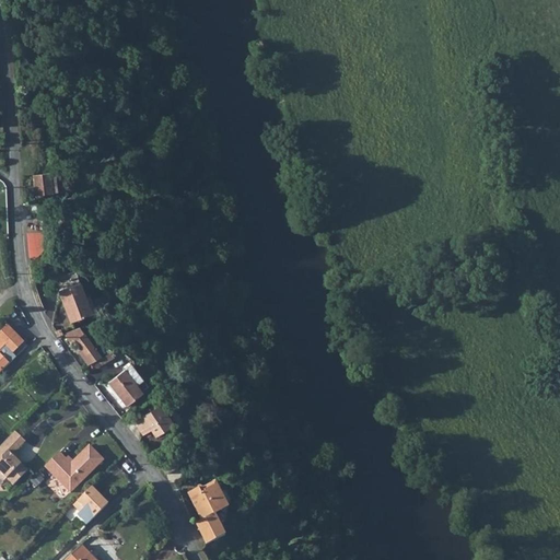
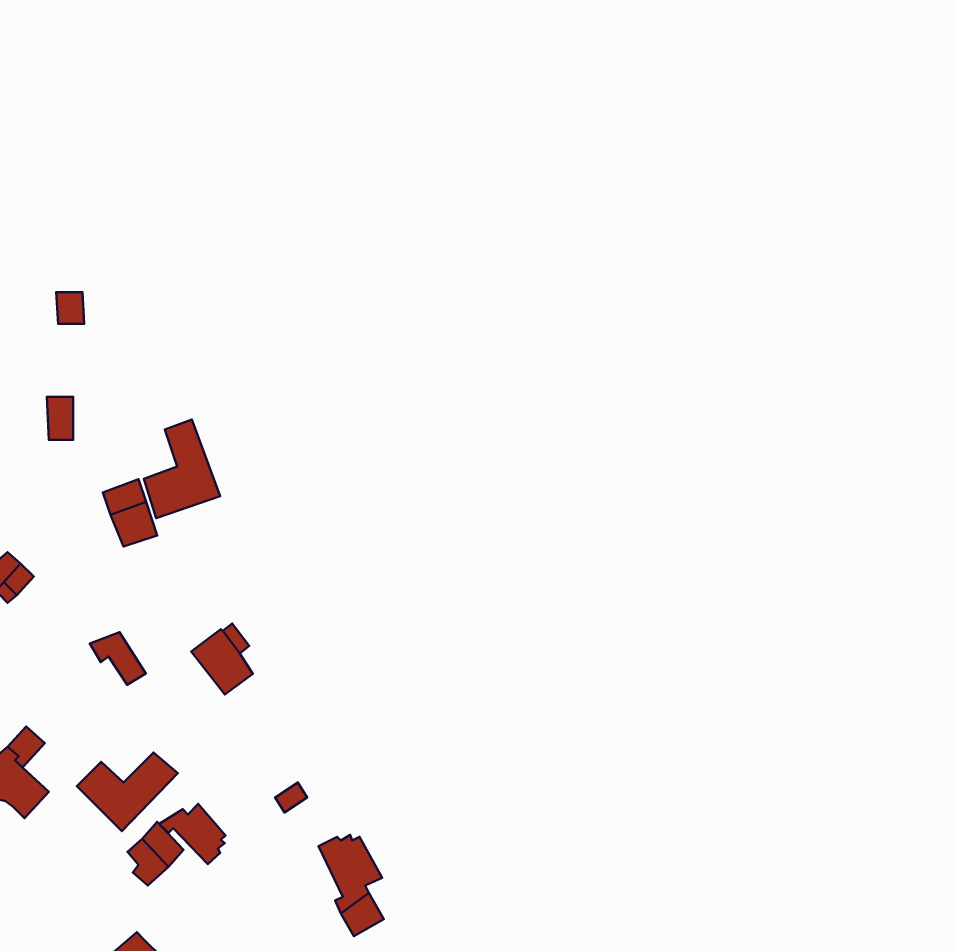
building: none -> [144,419,220,518]
building: [62,329,95,360] -> [90,632,146,685]
building: [138,410,174,443] -> none
building: none -> [159,804,226,864]

